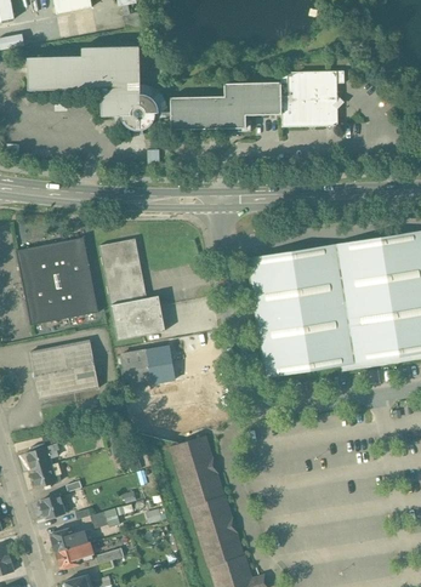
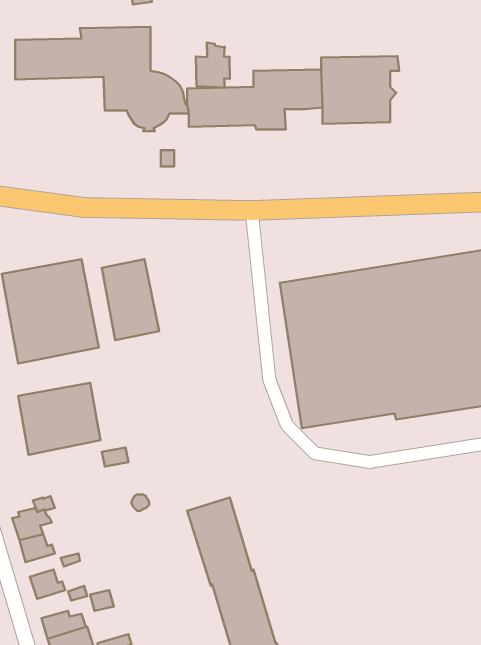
building: none -> [196,42,230,88]
building: [110,295,165,340] -> none
building: [121,344,175,387] -> none

